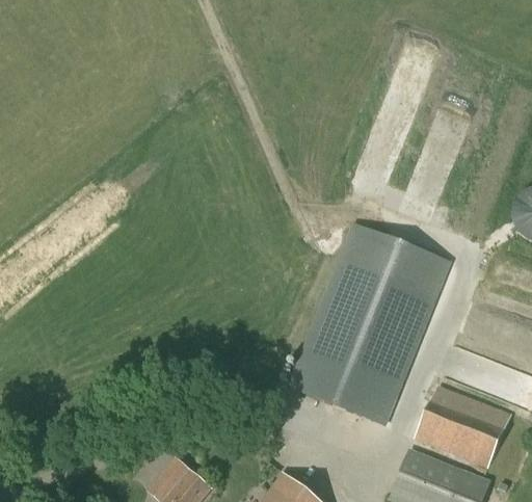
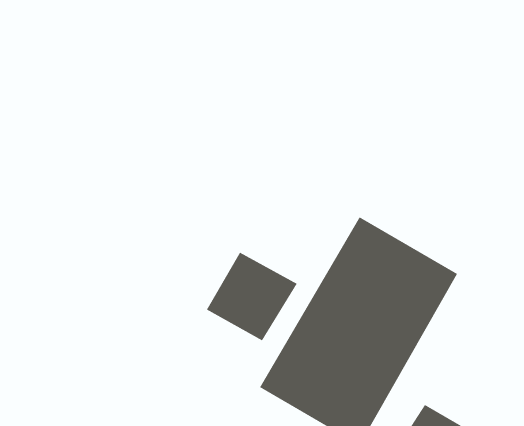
building: none -> [206,252,298,341]

